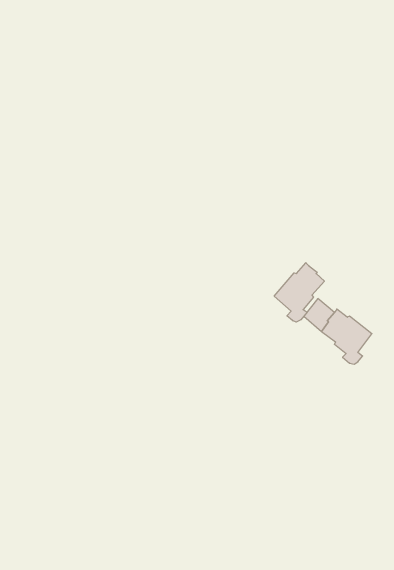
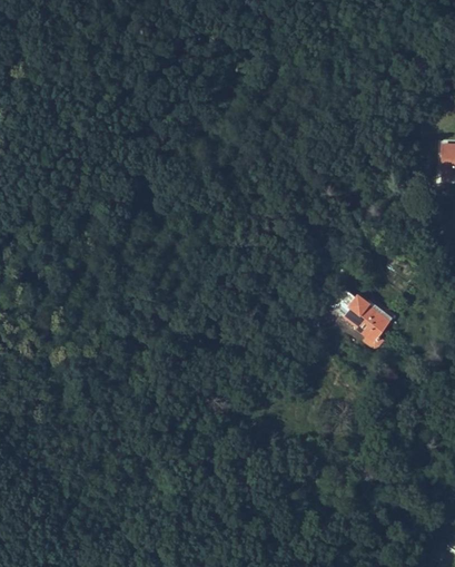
building: [274,263,324,322] -> none

